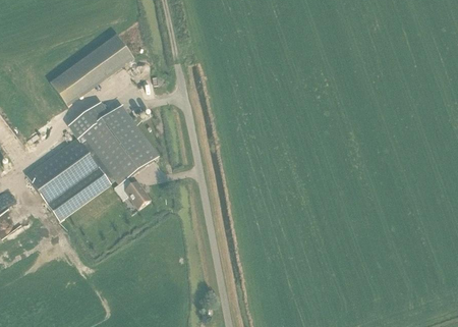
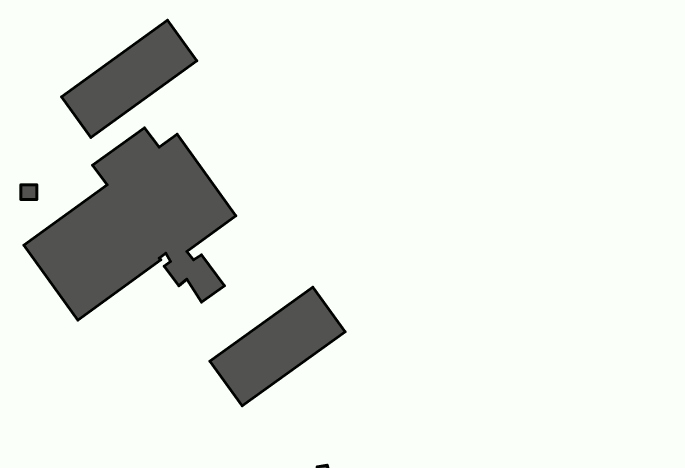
building: none -> [210,287,345,406]

